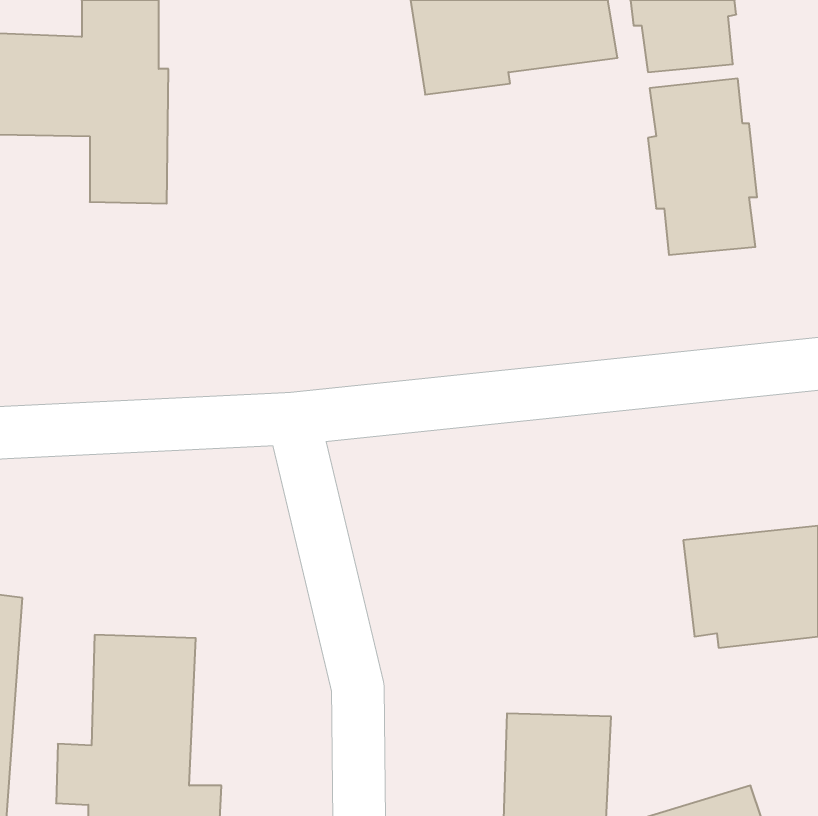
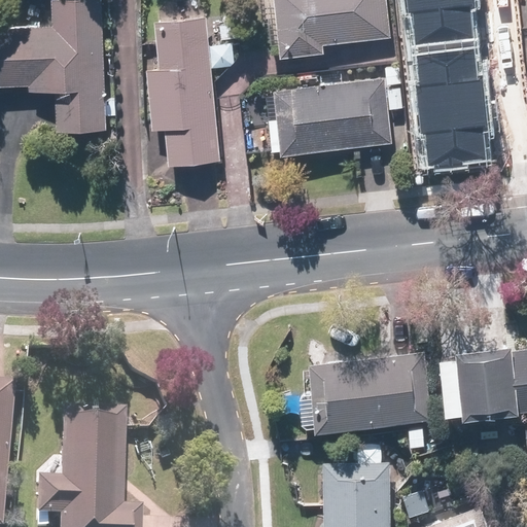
building: none -> [146,17,236,168]
building: none -> [267,67,403,159]
building: none -> [296,352,432,428]

